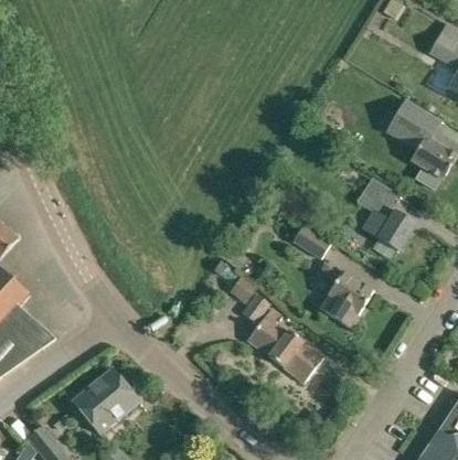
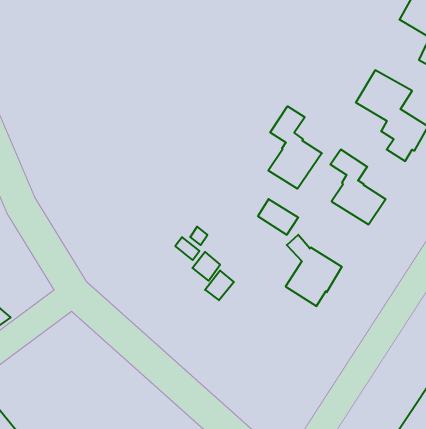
building: none -> [268,106,322,189]
building: [247,308,323,382] -> none
building: [73,368,138,434] -> none

